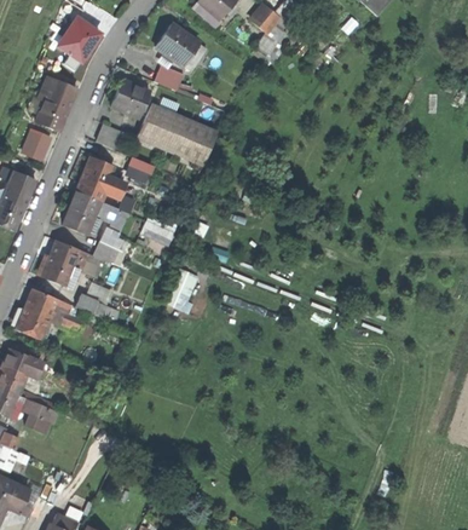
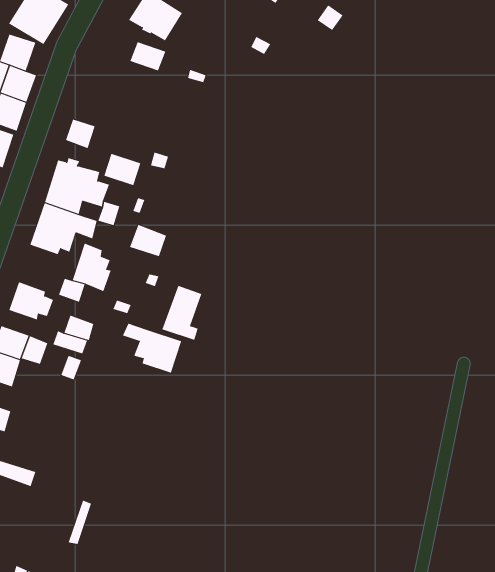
building: [110,81,149,119] -> none
building: [137,106,214,165] -> none
building: [50,241,87,272] -> none
building: none -> [122,323,182,373]

